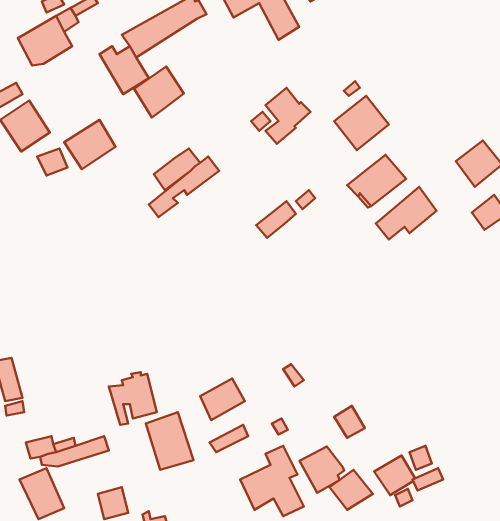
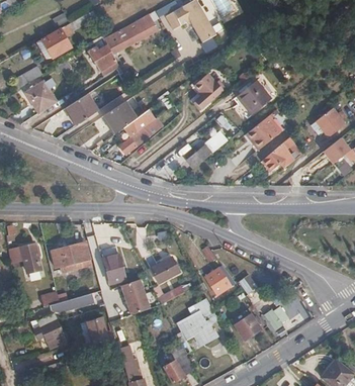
building: [134,66,184,117] -> [104,100,136,132]
building: none -> [51,242,91,270]
building: [300,446,344,493] -> [205,266,234,295]

